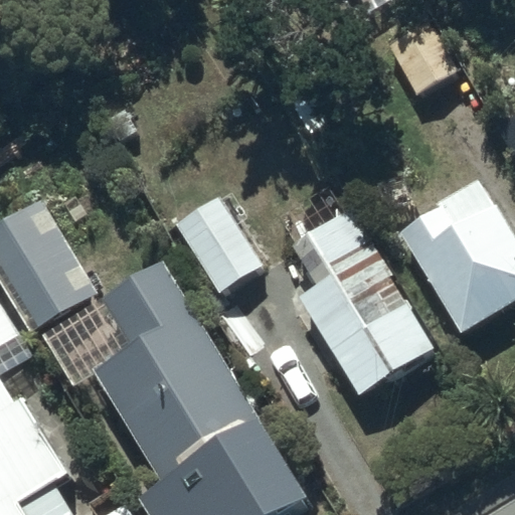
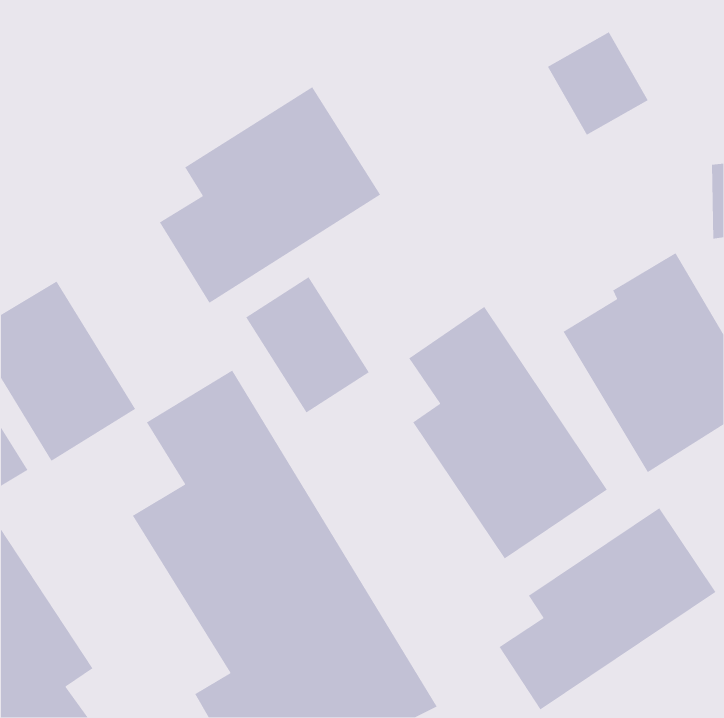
building: none -> [159,86,381,304]
building: none -> [498,507,716,710]

